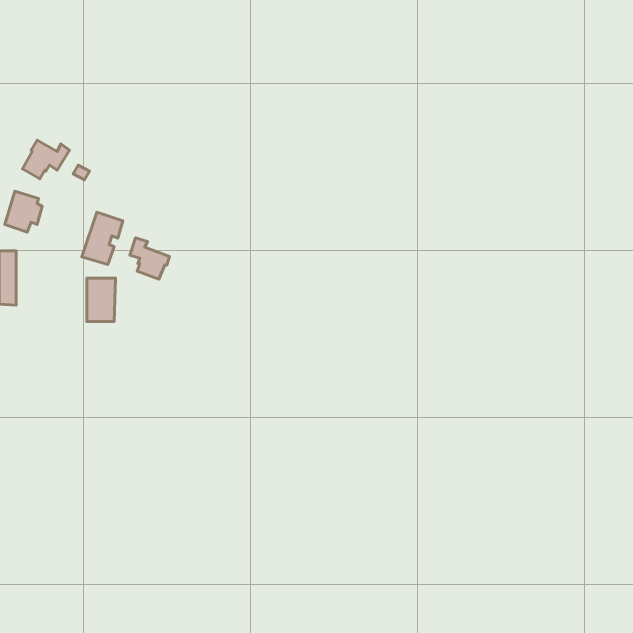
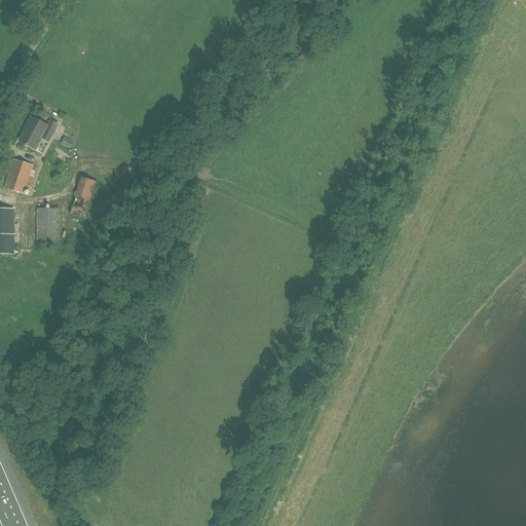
building: [130,238,170,279] -> none
building: [87,278,115,322] -> [36,208,60,243]

